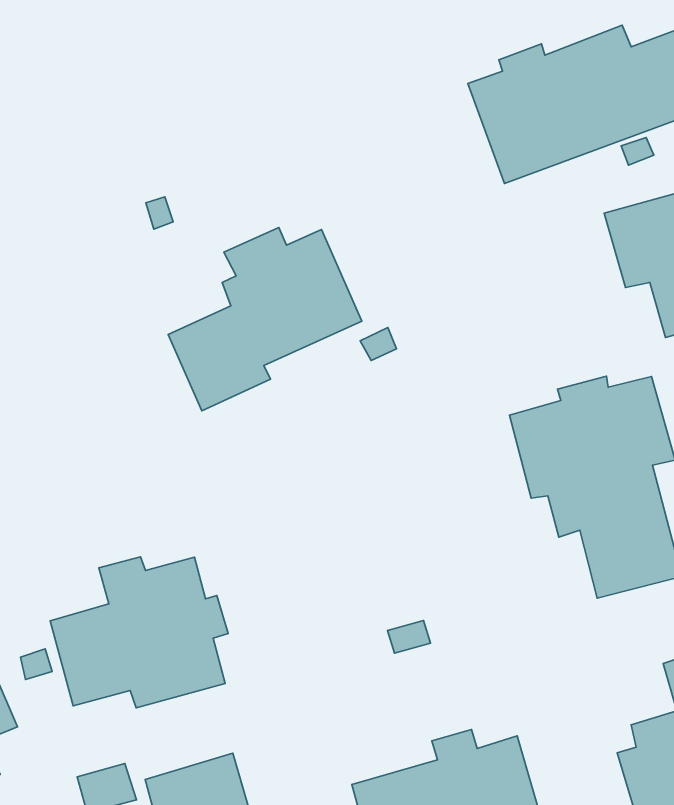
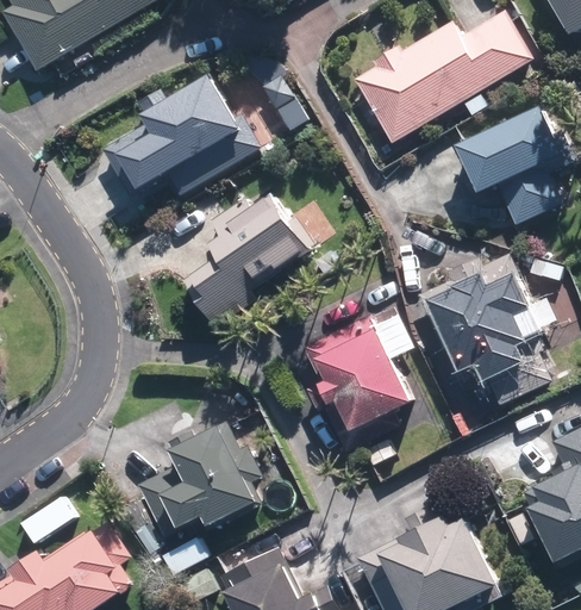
building: none -> [101,86,262,195]
building: none -> [301,313,411,453]

